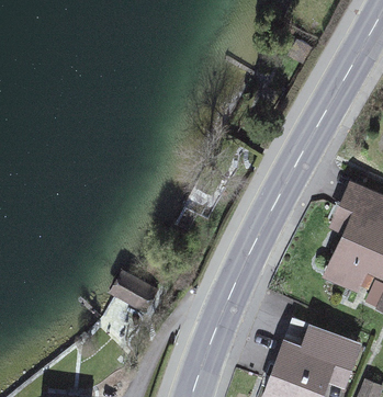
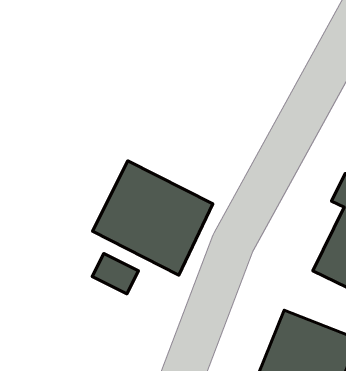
building: none -> [93,161,213,275]

